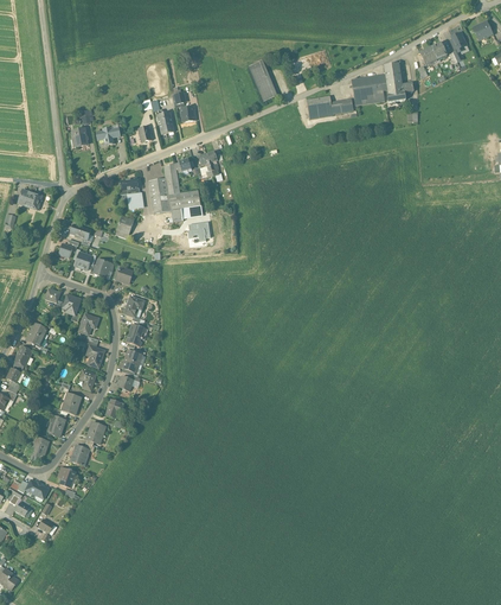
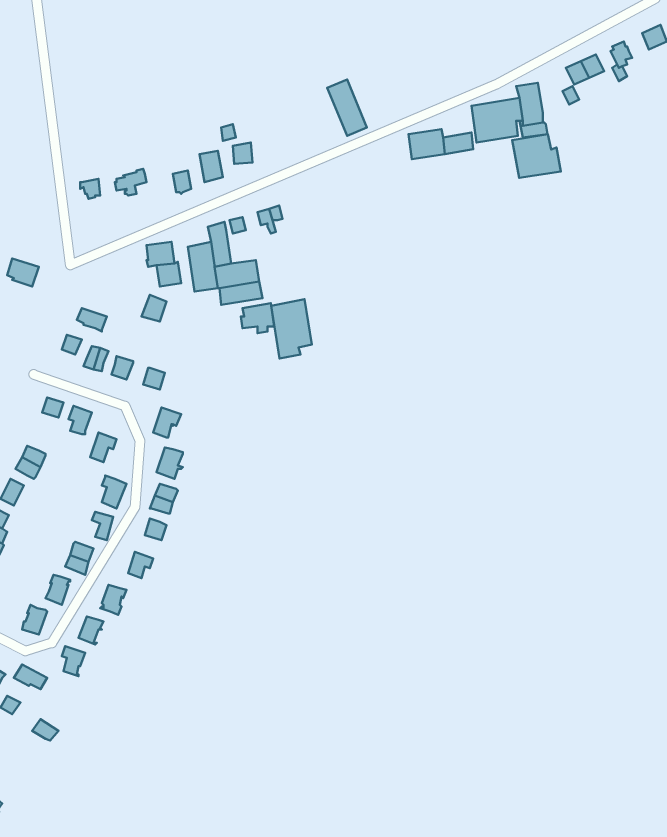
building: none -> [512,134,561,178]
building: none -> [271,299,312,358]

